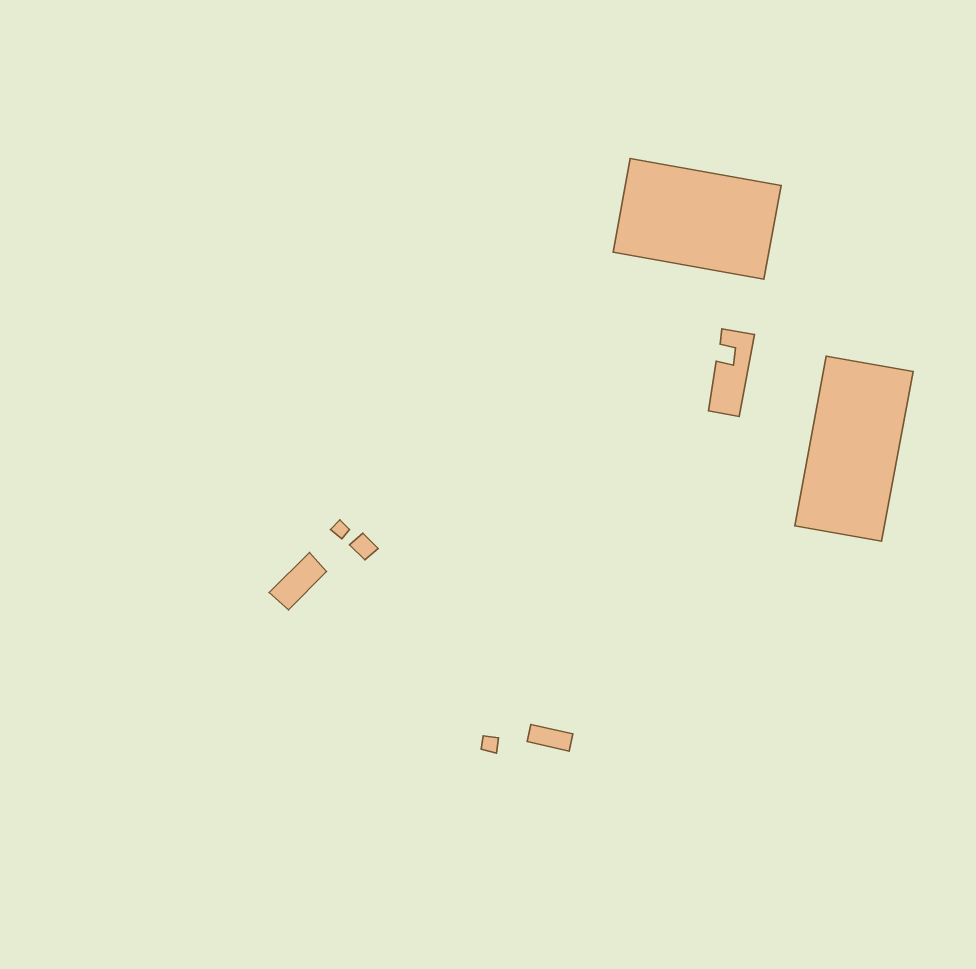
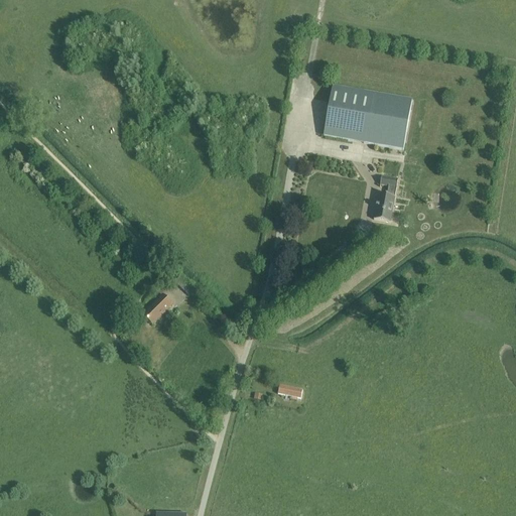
building: [795,356,913,541] -> none

